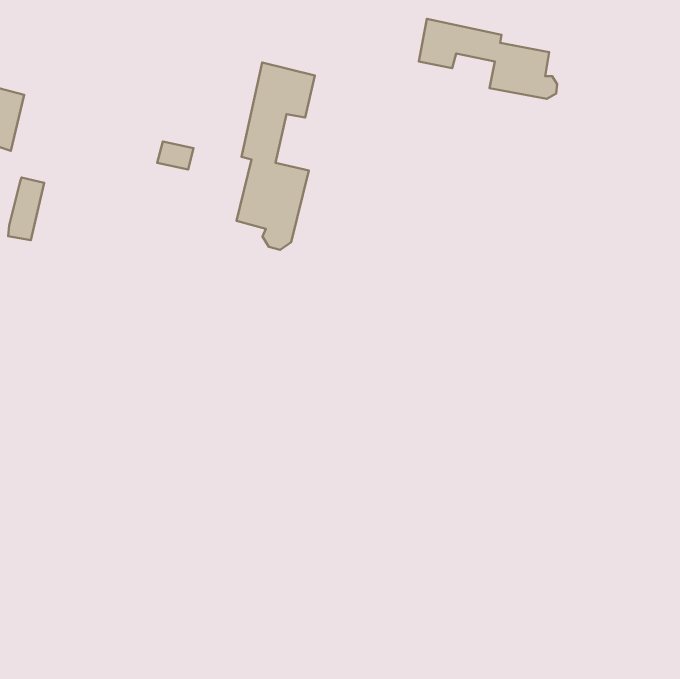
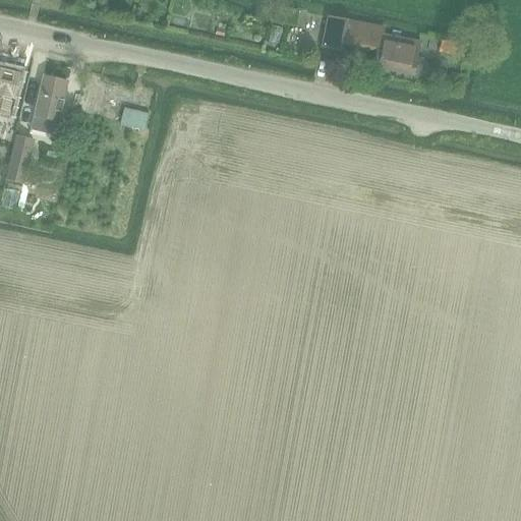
building: [237,63,315,250] -> none
building: none -> [34,76,68,123]

